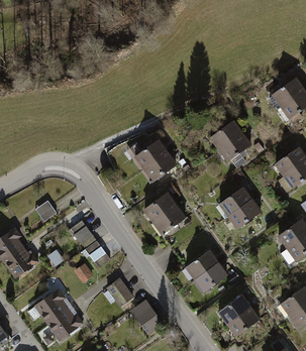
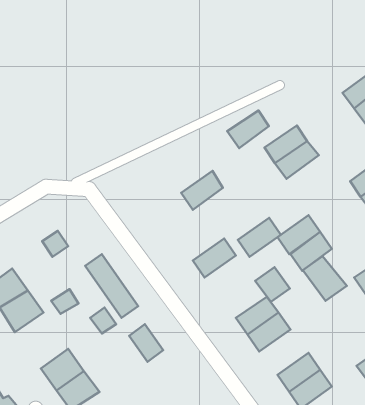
building: [134,141,167,170] -> [227,111,269,148]
building: [143,193,177,223] -> [238,218,281,257]
building: none -> [303,256,347,301]
building: none -> [255,267,290,302]
building: [131,301,160,330] -> none

